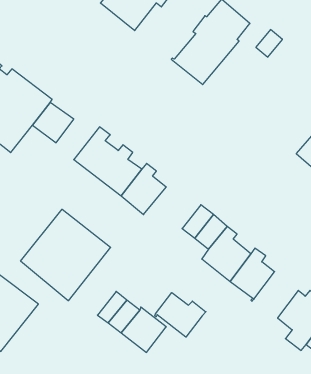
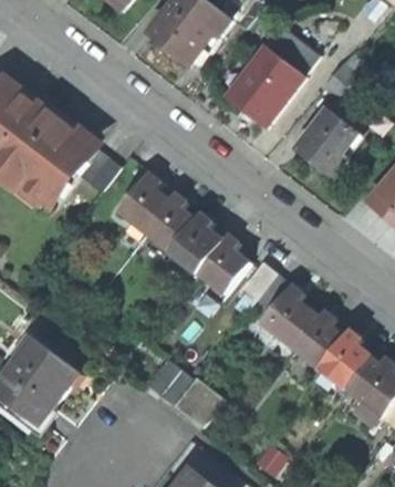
building: none -> [294,108,355,177]
building: none -> [196,235,247,293]
building: [21,209,111,301] -> none
building: none -> [320,329,370,390]
building: [155,293,206,337] -> none

